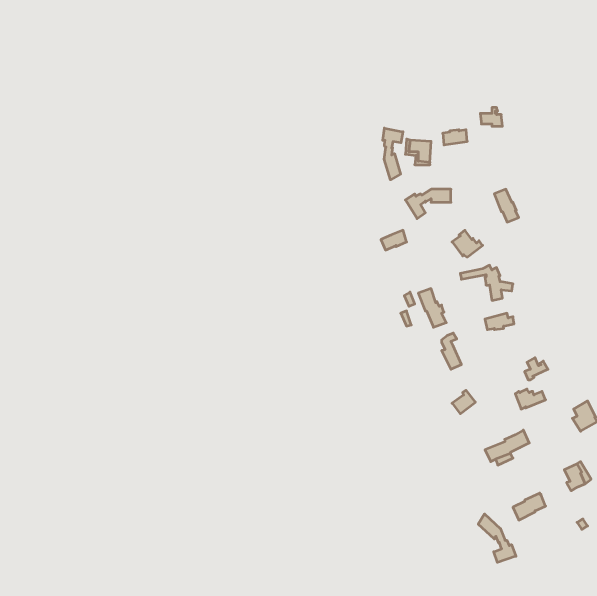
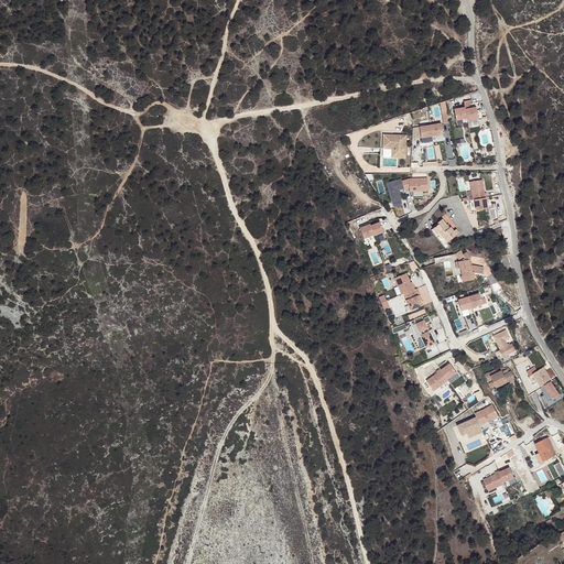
building: [383,128,403,180] -> none
building: [478,514,516,562] -> none

